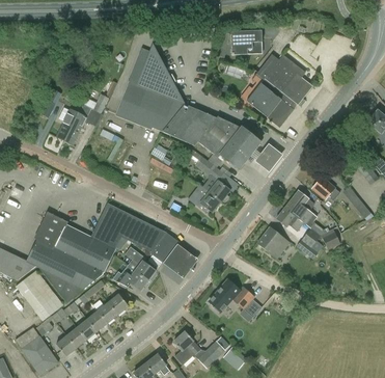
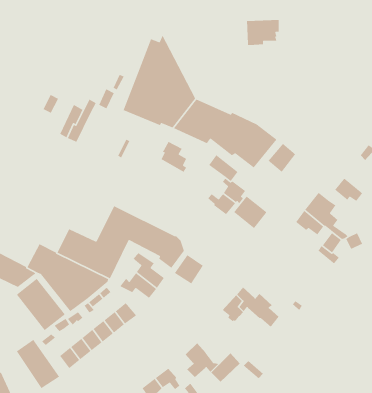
building: [246,53,311,127] -> none
building: [34,211,68,246] -> none
building: [256,226,288,258] -> [233,196,268,229]

